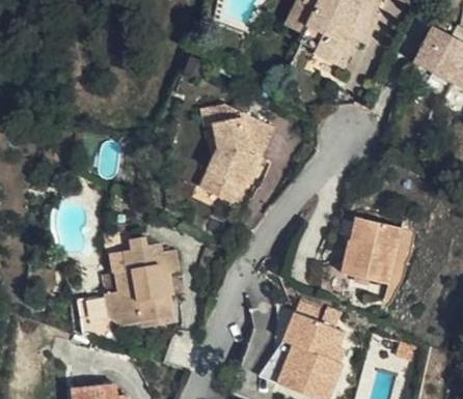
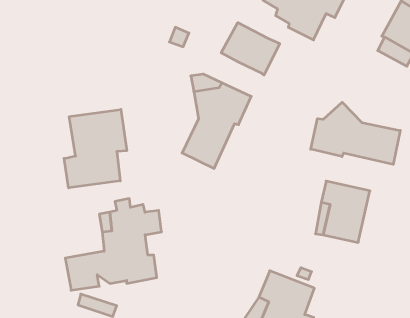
building: none -> [221,23,280,75]
building: none -> [311,102,400,164]
building: none -> [64,109,127,188]

